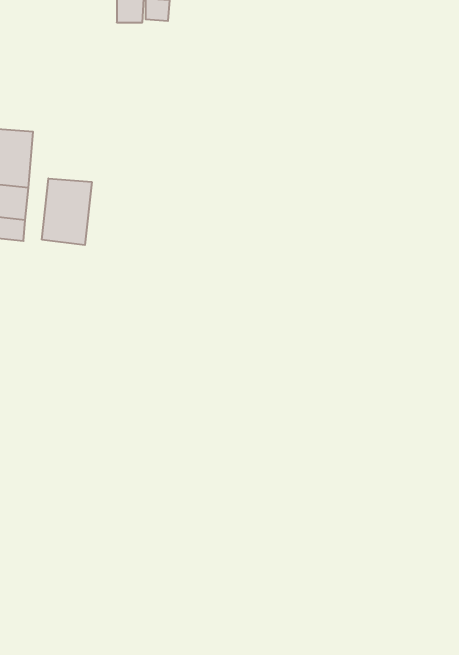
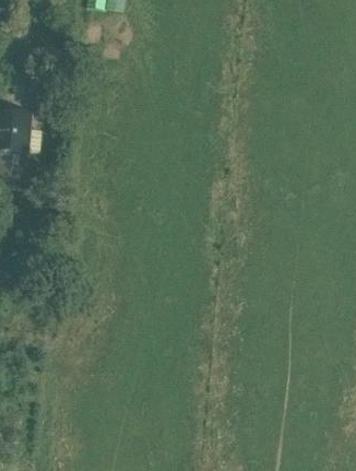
building: [42,178,92,245] -> none

